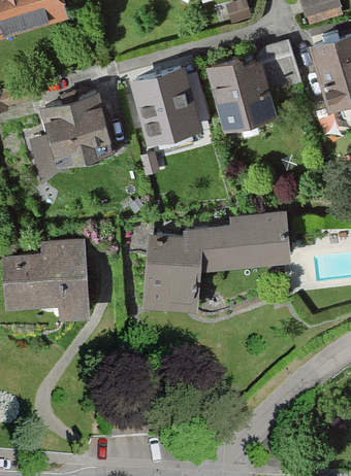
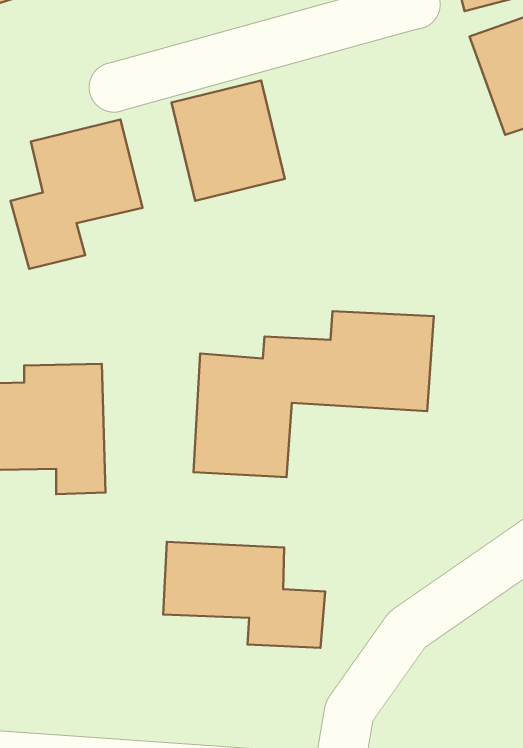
building: [208,43,299,129] -> none
building: none -> [163,542,325,648]

